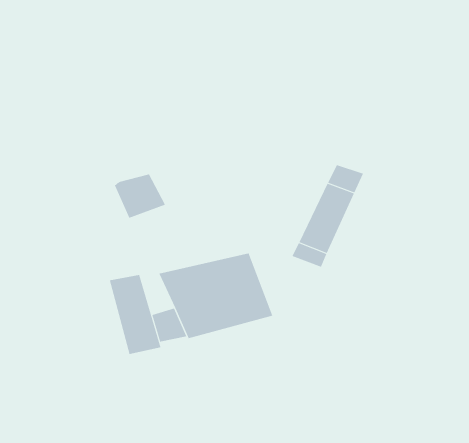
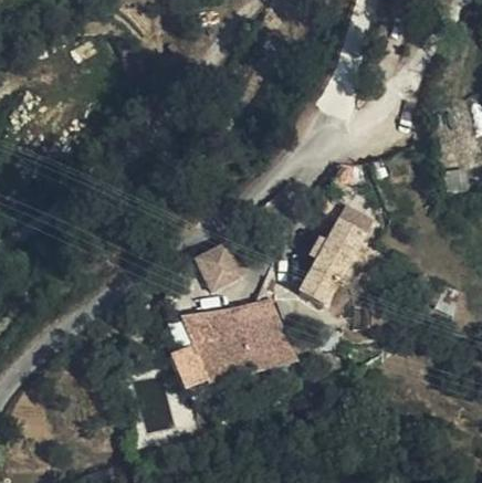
building: [114,174,166,219] -> [189,245,239,288]
building: [109,274,161,355] -> none

